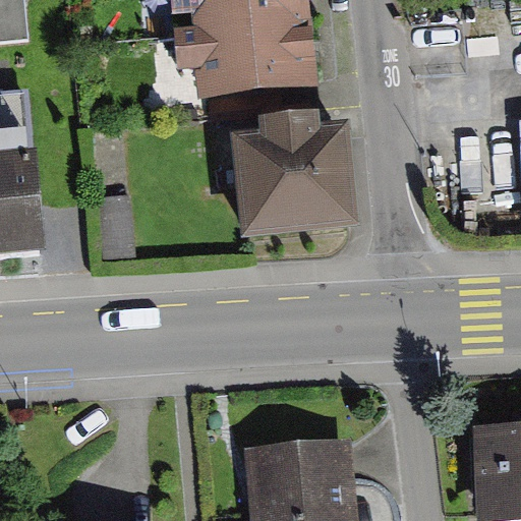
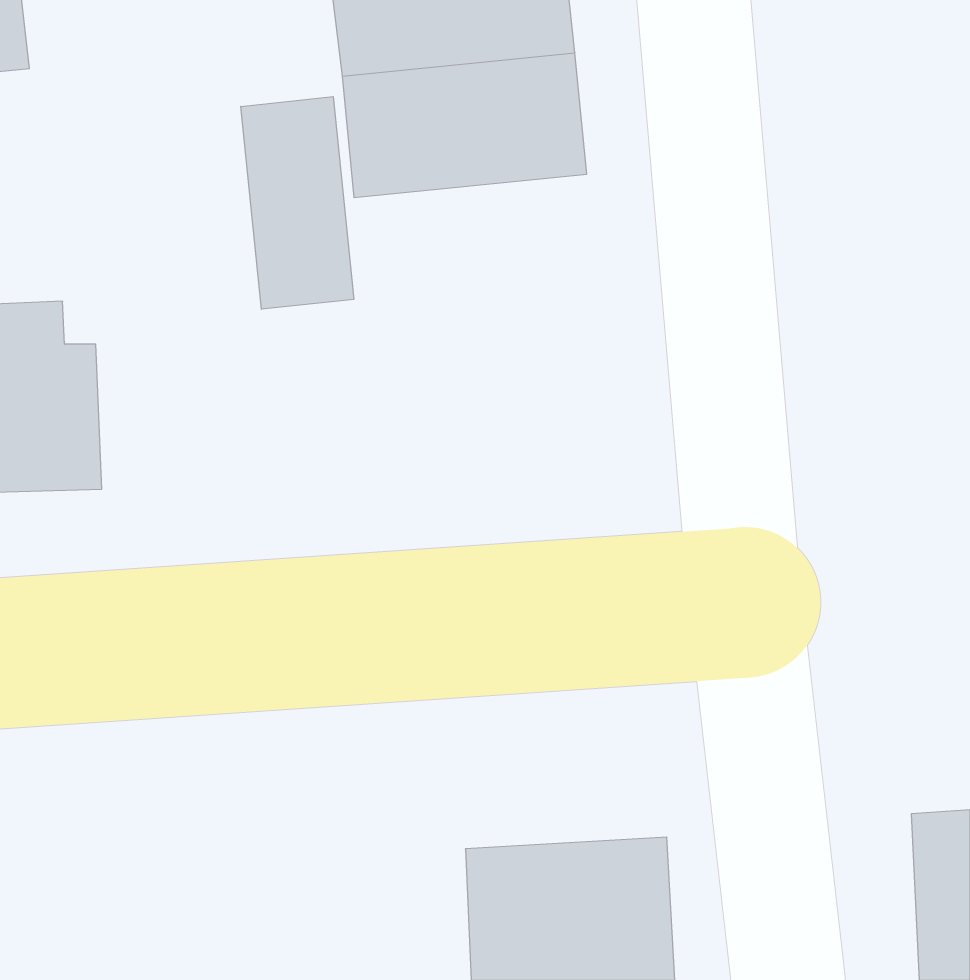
building: none -> [241,97,354,309]
building: [240,118,356,231] -> none

